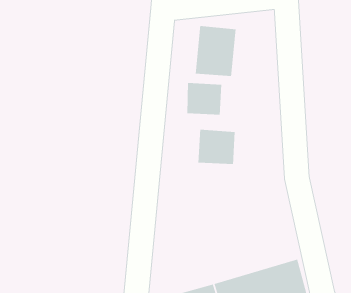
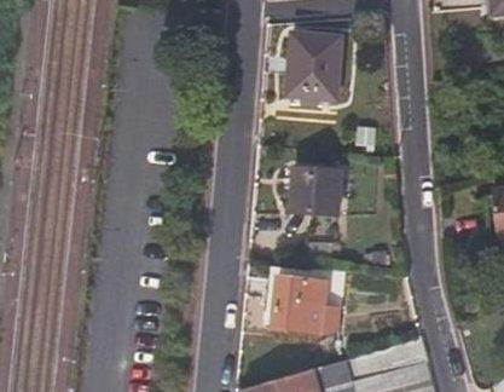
building: [186,82,222,116] -> none
building: none -> [263,267,341,336]

